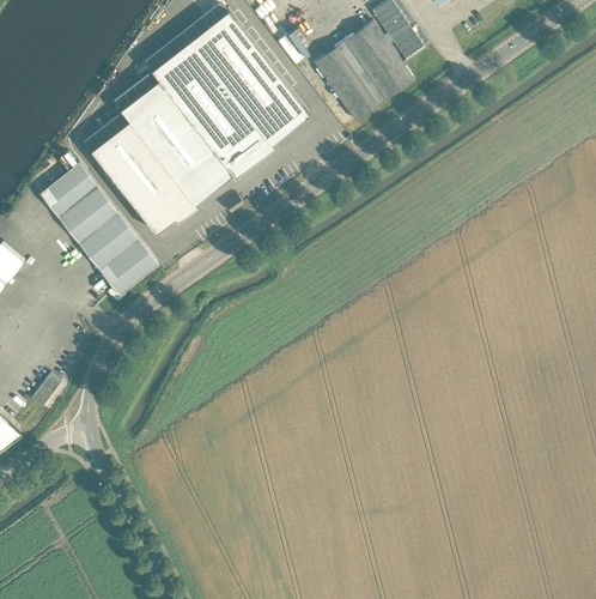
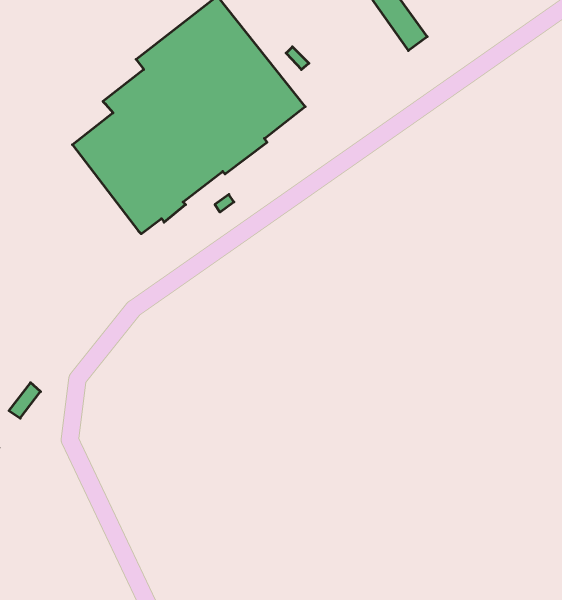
building: [312,19,413,120] -> none
building: [38,162,157,300] -> none

